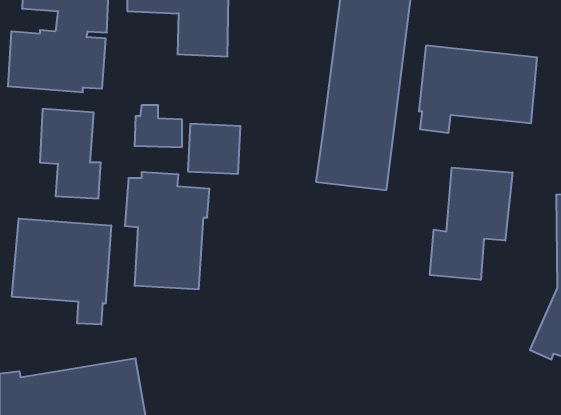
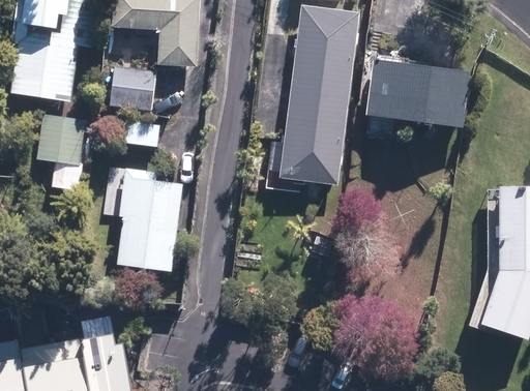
building: [188,124,240,174] -> [111,66,156,110]
building: [430,168,513,280] -> none
building: [12,218,111,325] -> none

